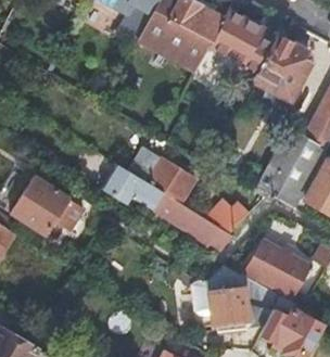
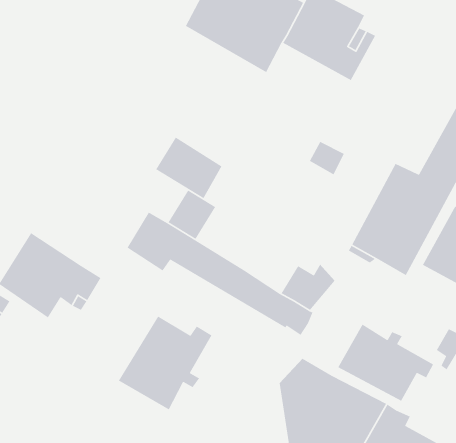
building: [252,36,310,114] -> none
building: [148,161,194,204] -> [155,136,223,199]
building: none -> [118,316,213,411]

